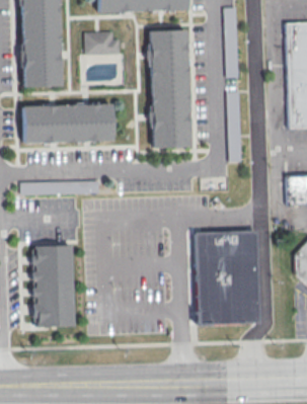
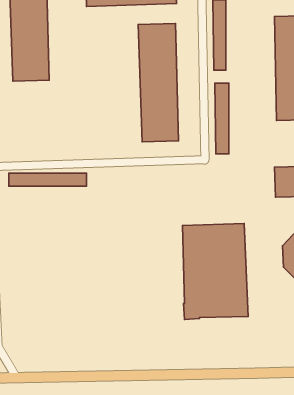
building: [85,31,121,55] -> none
building: [23,104,113,145] -> none
building: [31,244,73,326] -> none

